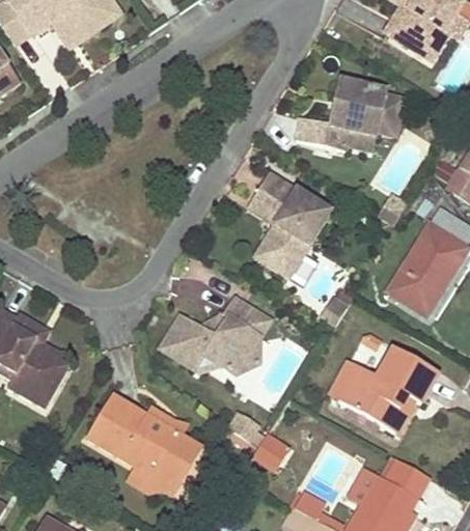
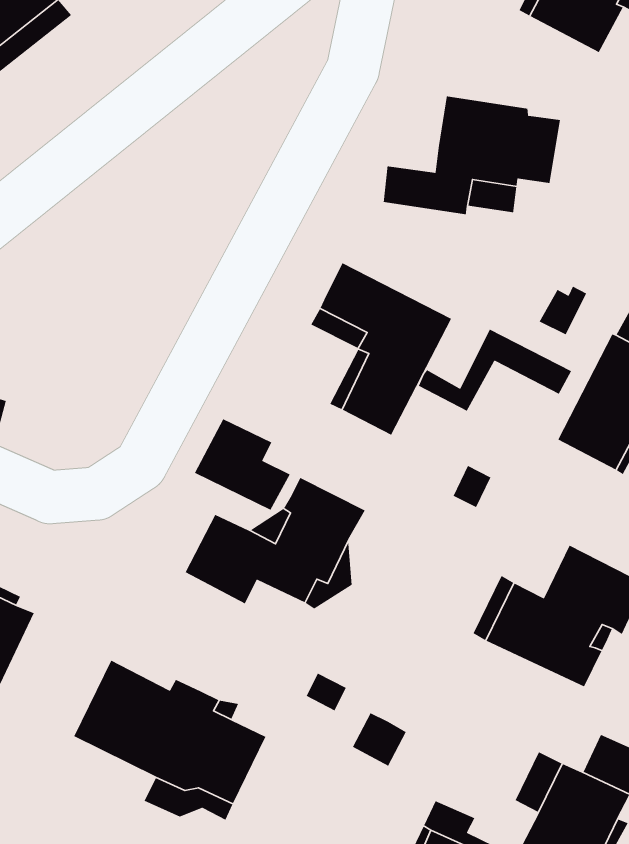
building: none -> [418,329,572,412]

